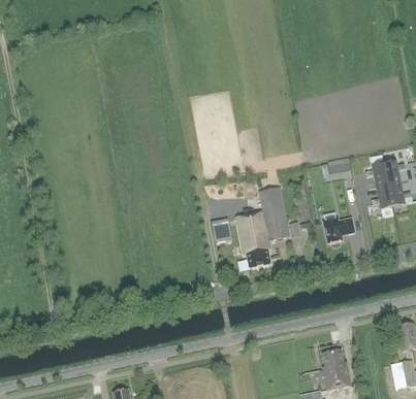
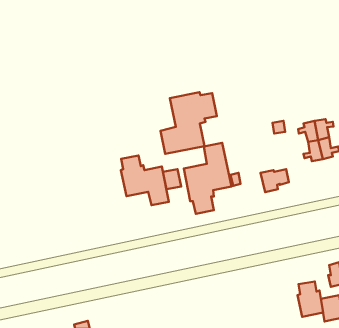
building: none -> [160,92,217,154]
building: none -> [121,155,169,205]
building: [322,350,351,390] -> [297,281,323,317]

